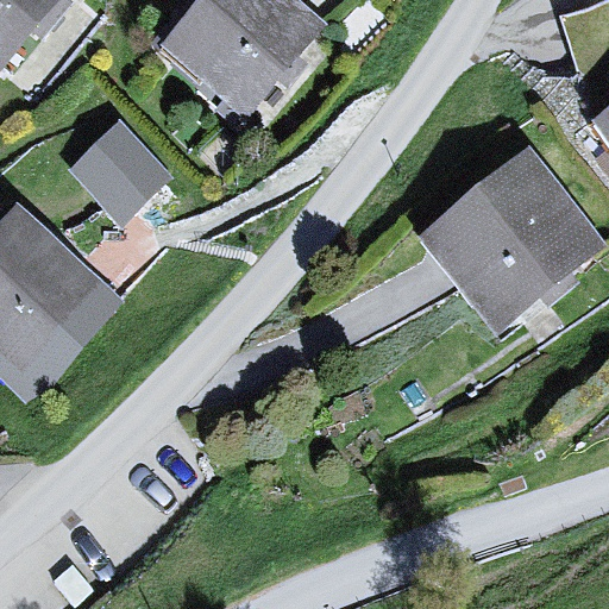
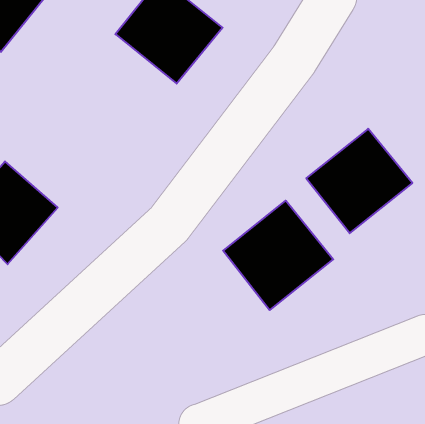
building: [70,111,172,213] -> none
building: none -> [223,201,333,310]

